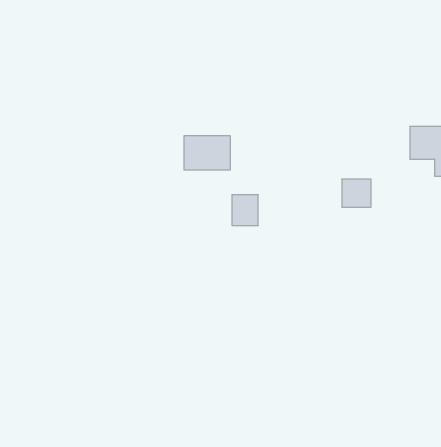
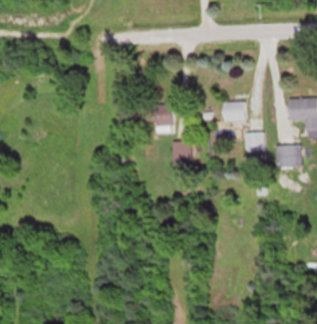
building: none -> [224,101,245,120]
building: none -> [276,144,301,167]

